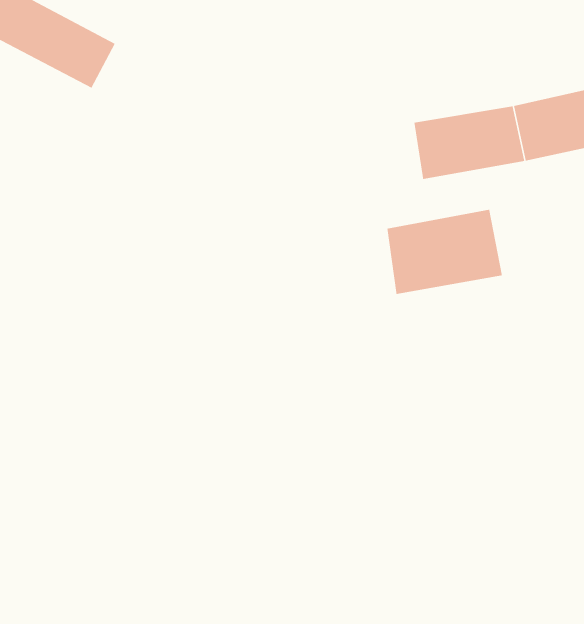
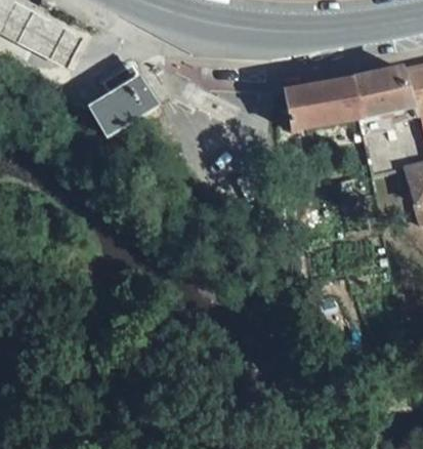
building: none -> [87,65,158,138]
building: [386,209,503,295] -> none

